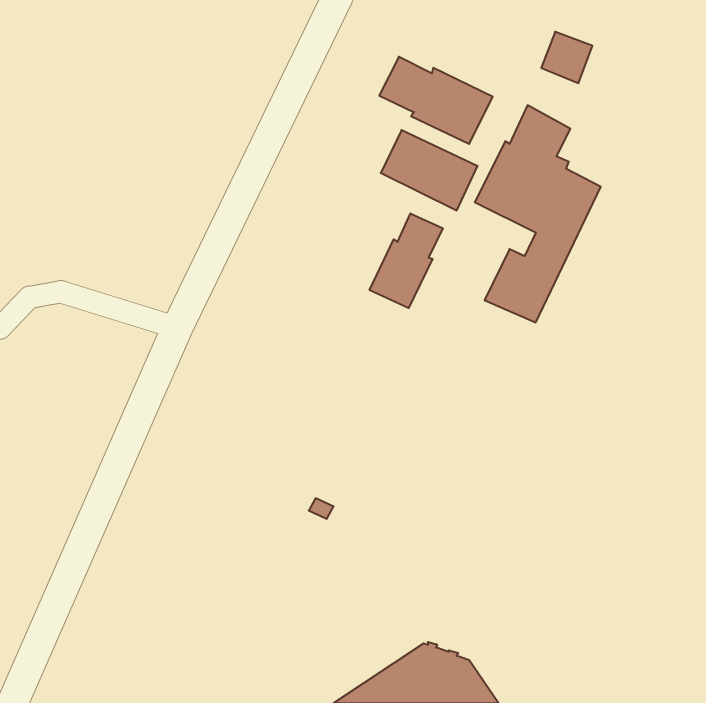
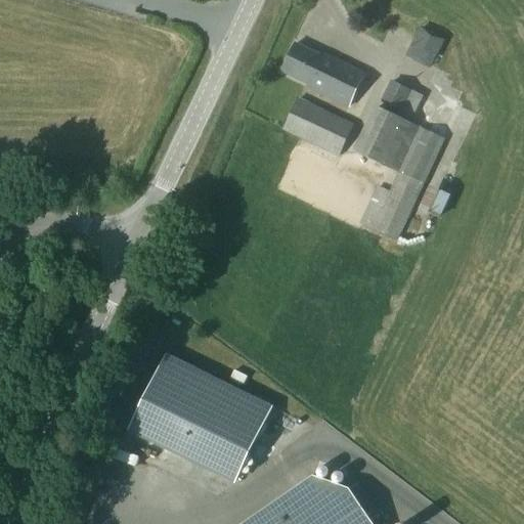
building: [370,213,443,308] -> none
building: none -> [125,358,269,487]

